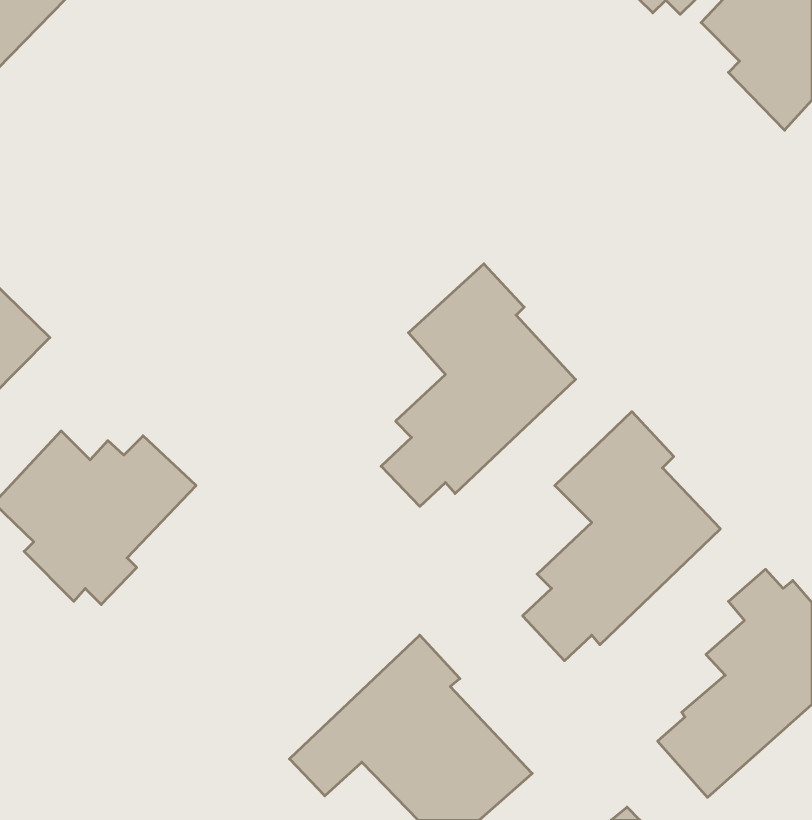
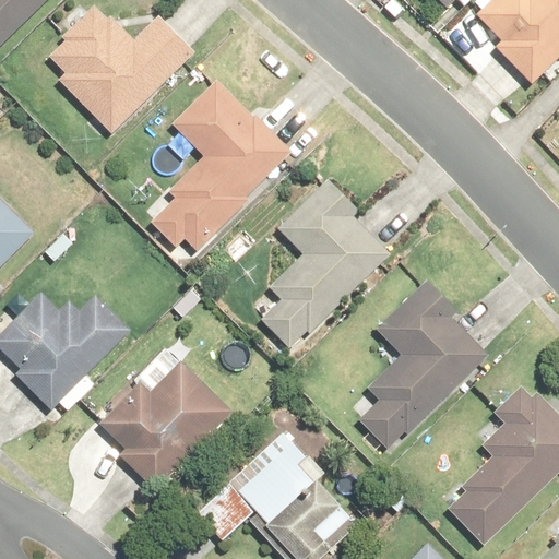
building: none -> [48,5,194,132]
building: none -> [150,80,290,250]
building: none -> [99,362,233,490]

